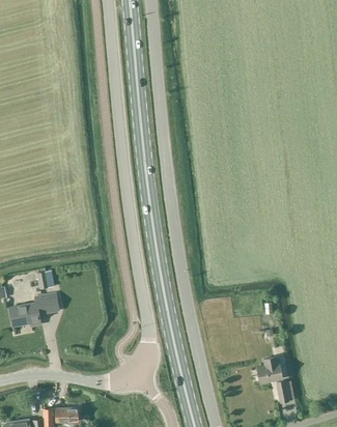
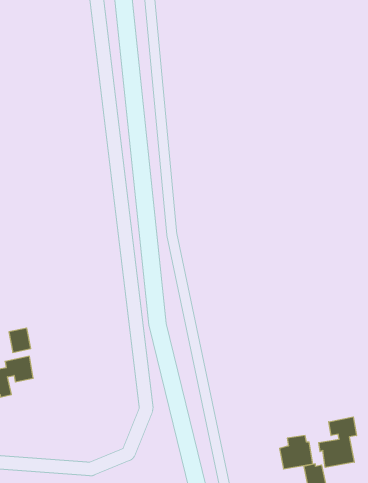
building: none -> [319,417,356,467]

